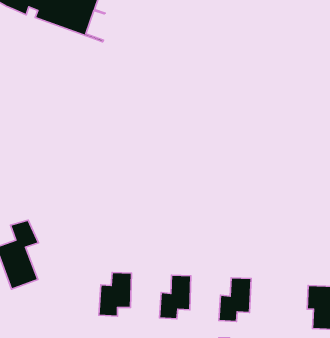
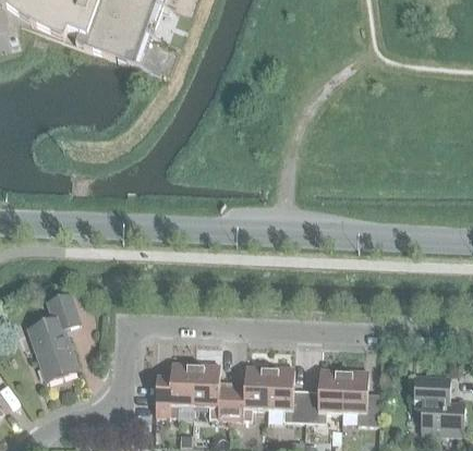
building: none -> [194,363,232,418]
building: none -> [268,366,306,422]
building: none -> [342,369,380,425]

